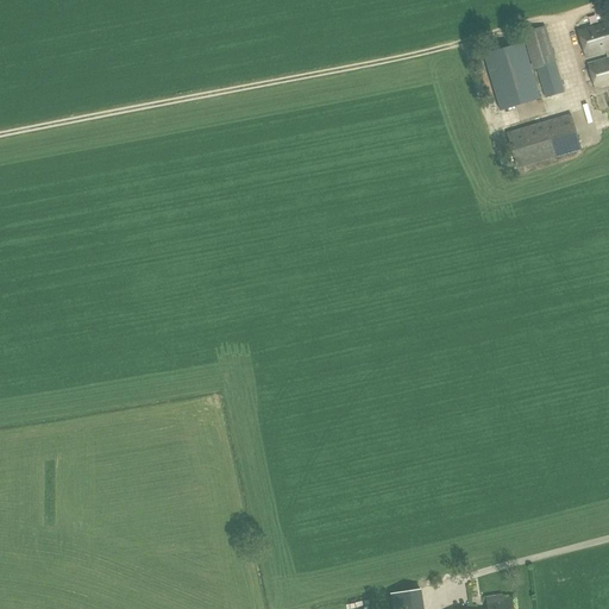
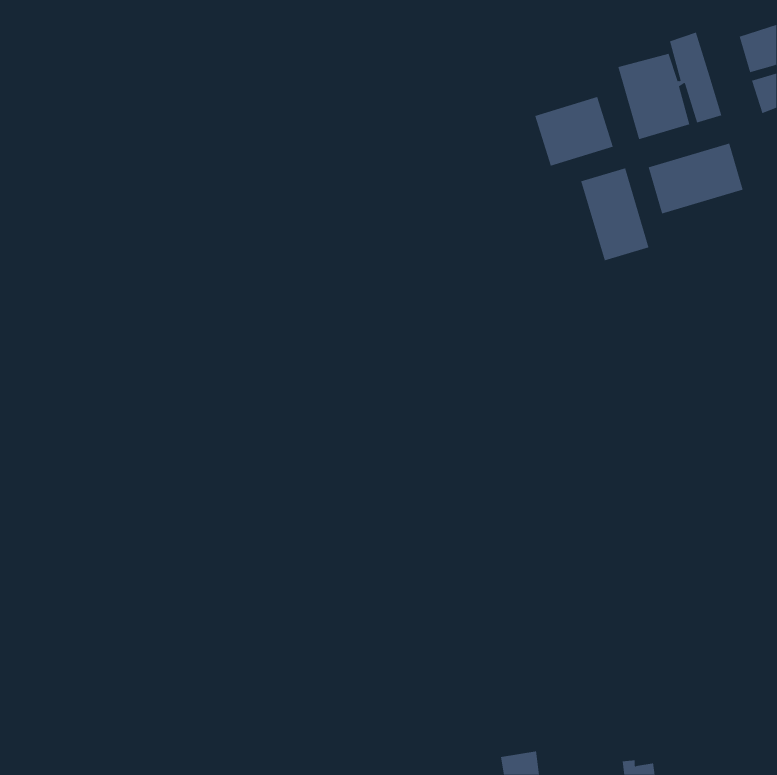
building: none -> [535,96,614,166]
building: none -> [581,167,649,261]

